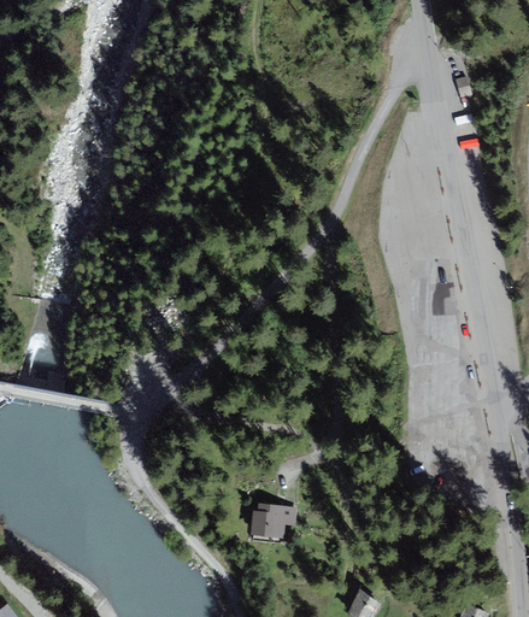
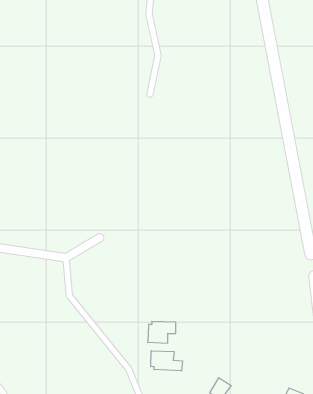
building: none -> [151,351,182,371]

